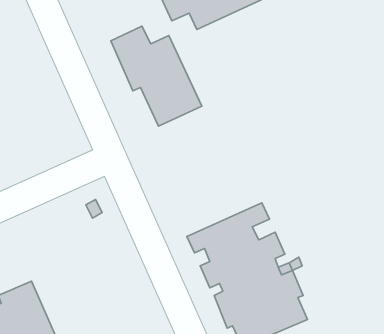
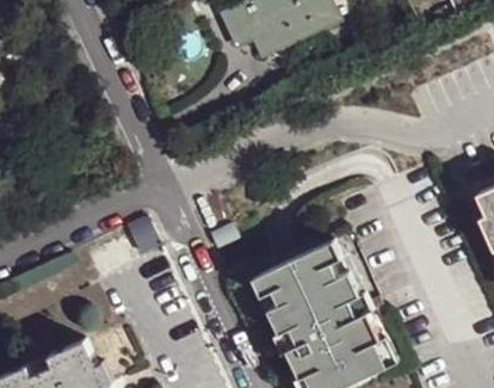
building: [111,26,202,126] -> none

